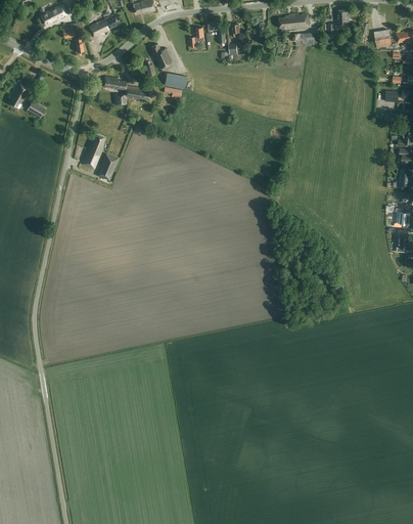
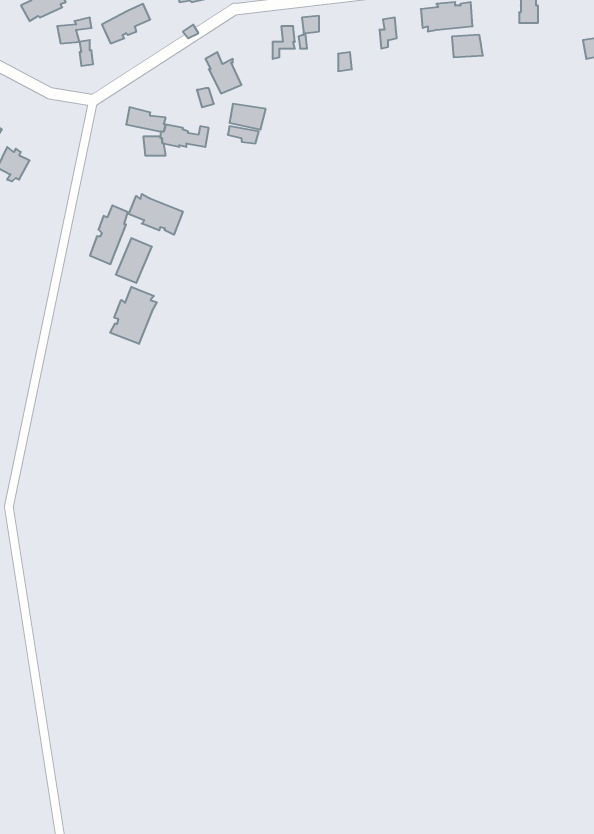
building: none -> [129,194,183,235]
building: none -> [110,287,157,344]

